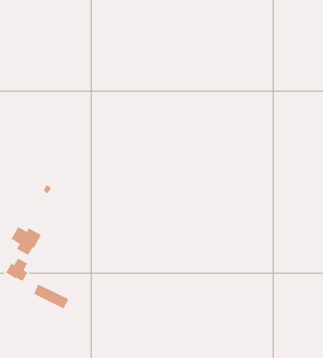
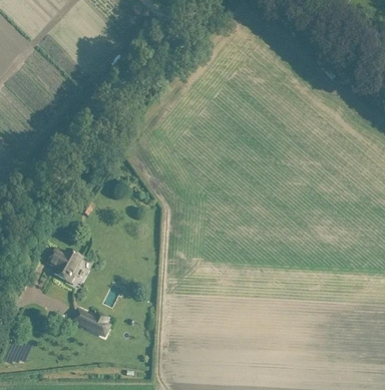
building: [5,257,29,282] -> none

